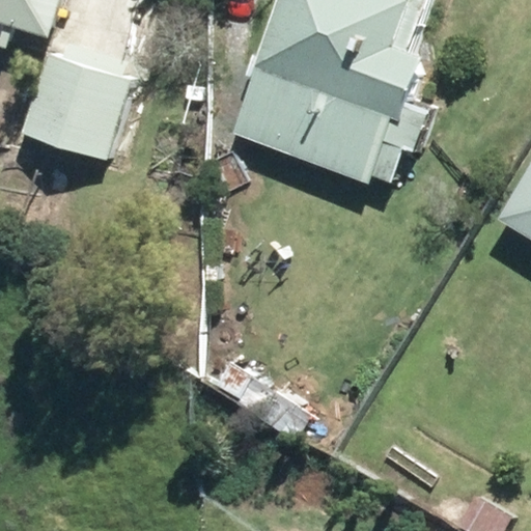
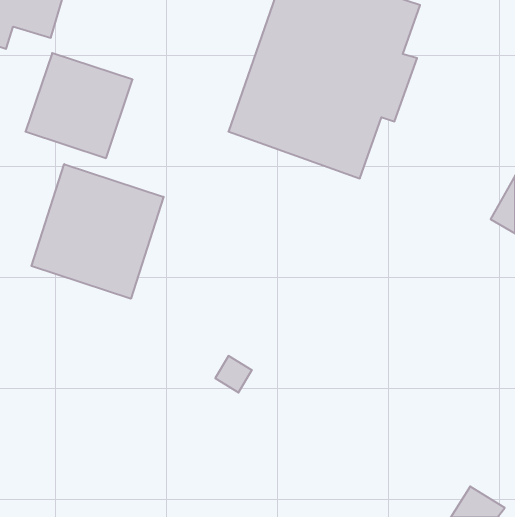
building: none -> [31,164,164,299]

